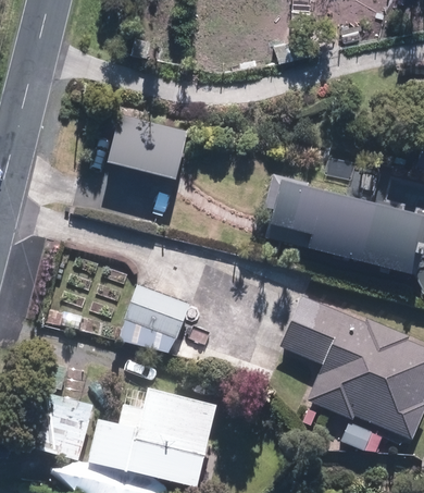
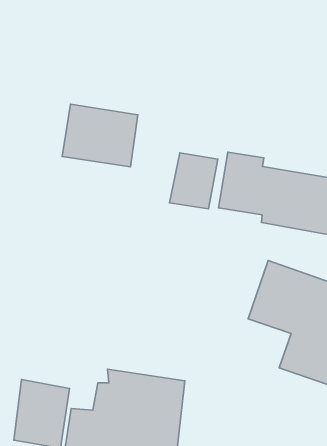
building: none -> [169,153,218,209]
building: [124,283,189,337] -> none

